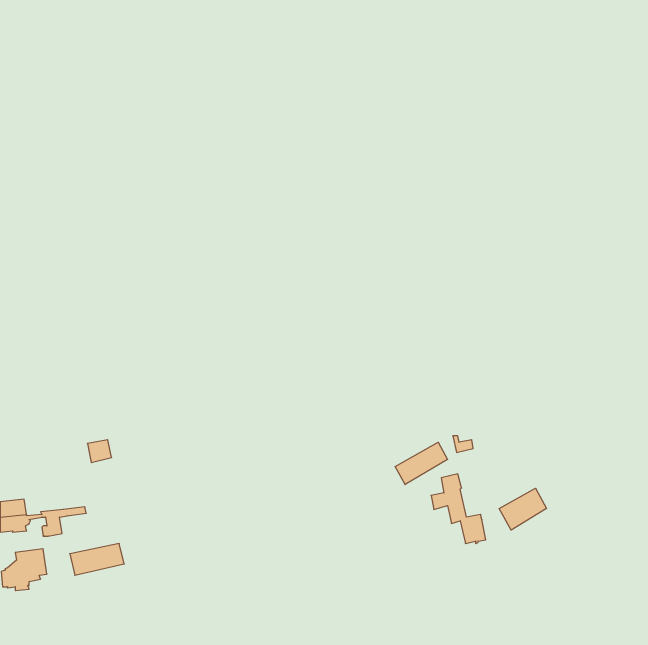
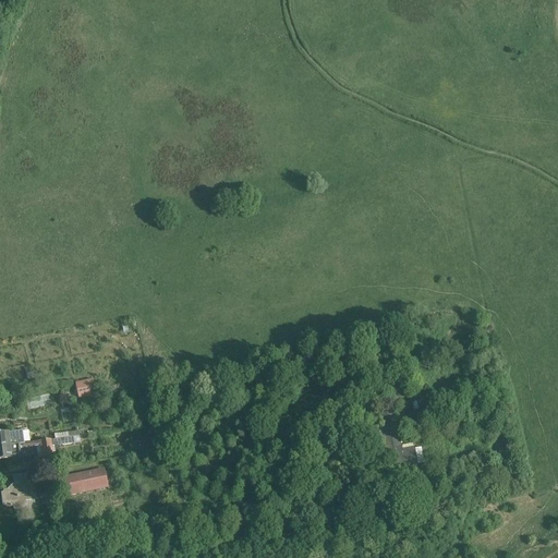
building: [395,442,448,485] -> none
building: [499,488,546,530] -> none

